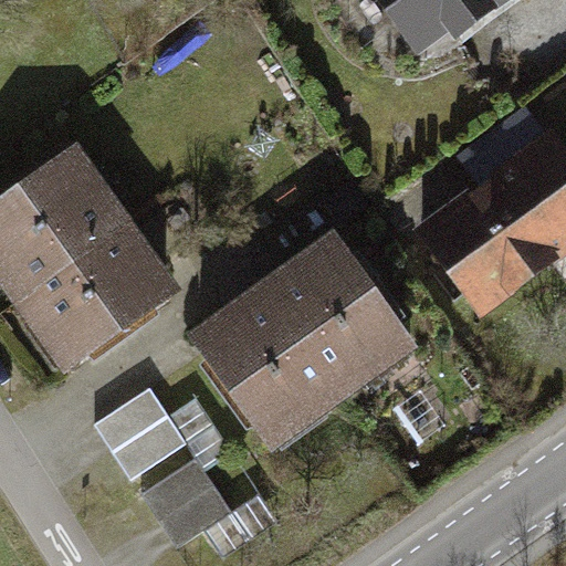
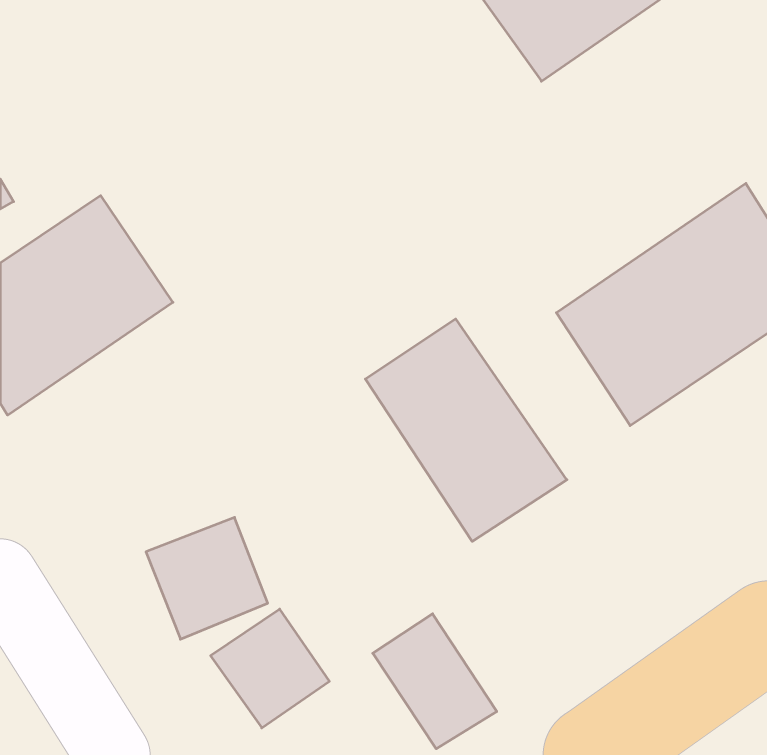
building: [7,222,179,375] -> none
building: [191,279,348,449] -> none
building: none -> [373,614,497,749]

